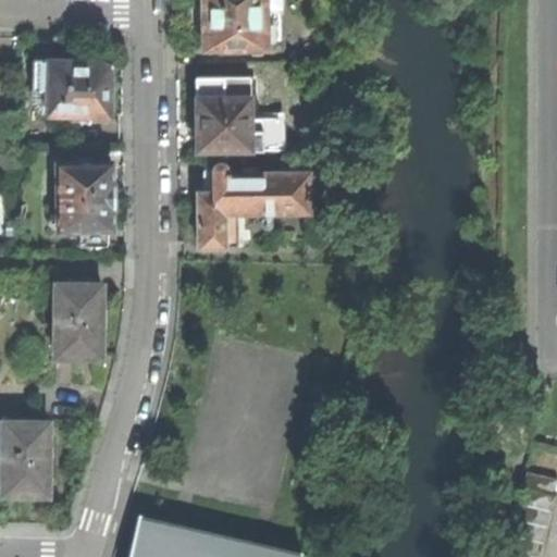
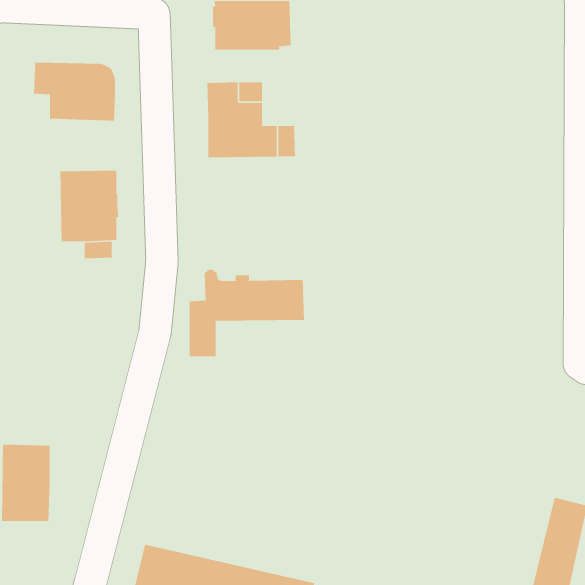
building: [199,163,309,247] -> [189,269,305,357]
building: [55,285,102,358] -> none

